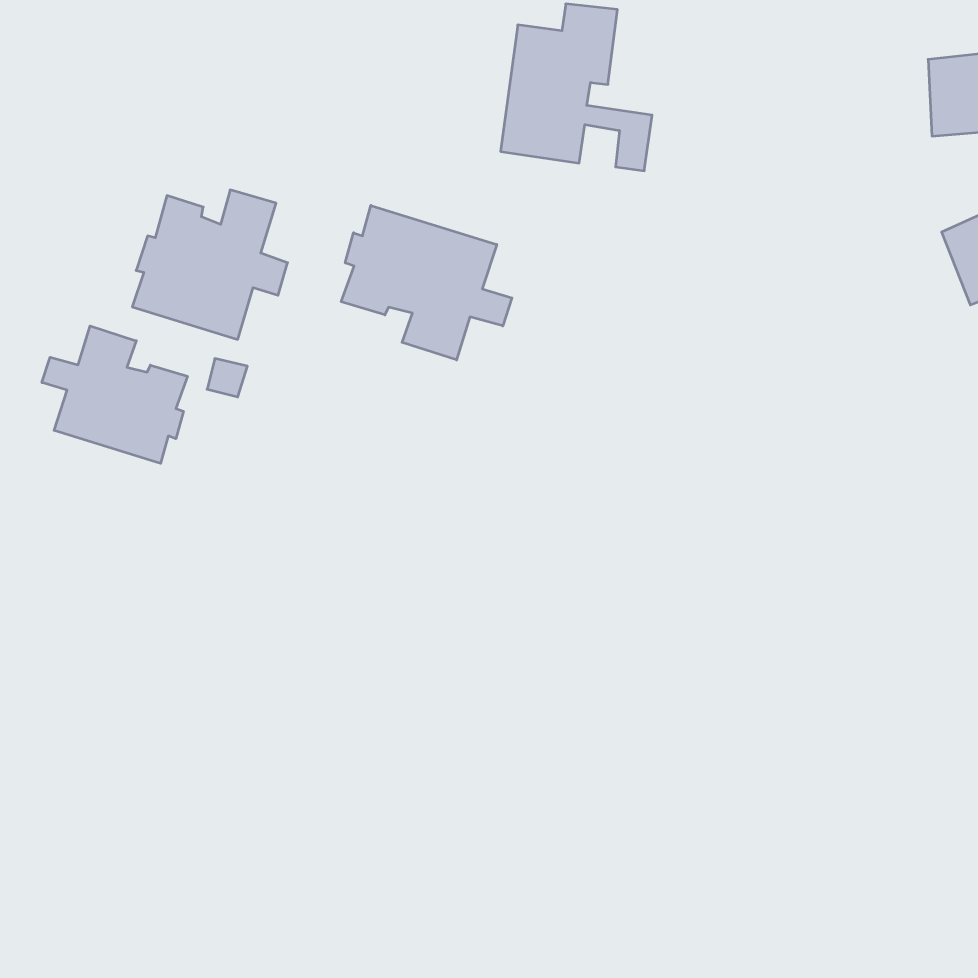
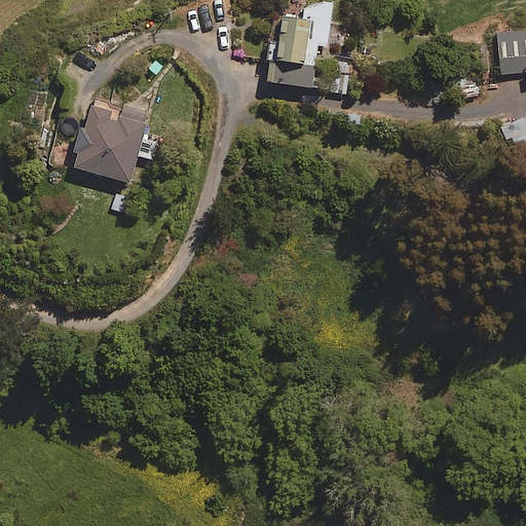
building: [341,205,512,360] -> none
building: [42,326,187,463] -> none

